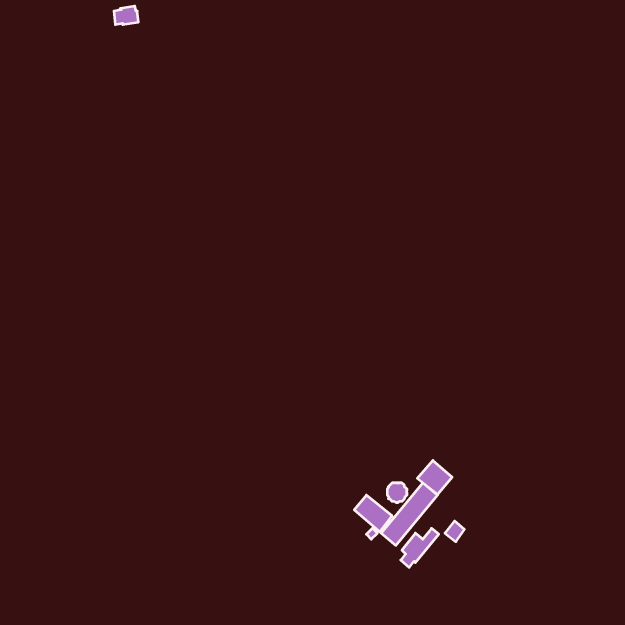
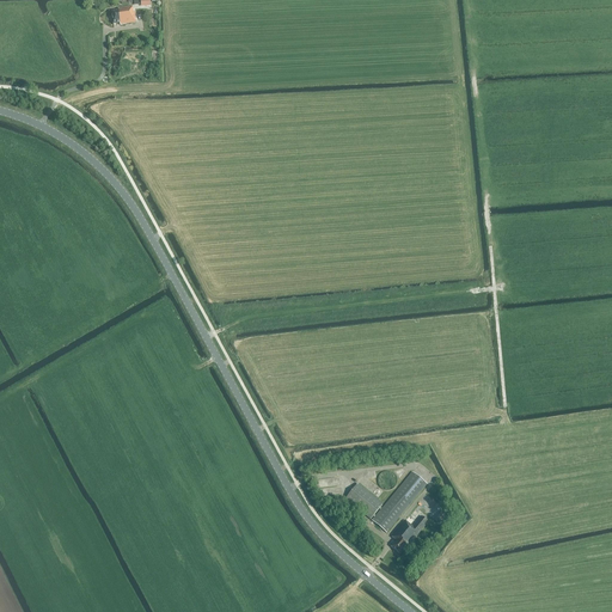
building: [417,460,452,495] -> none

